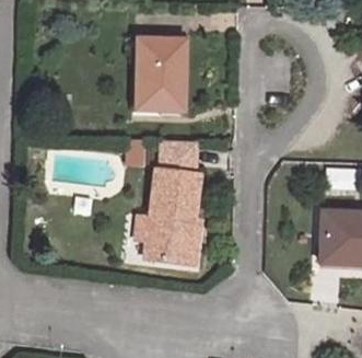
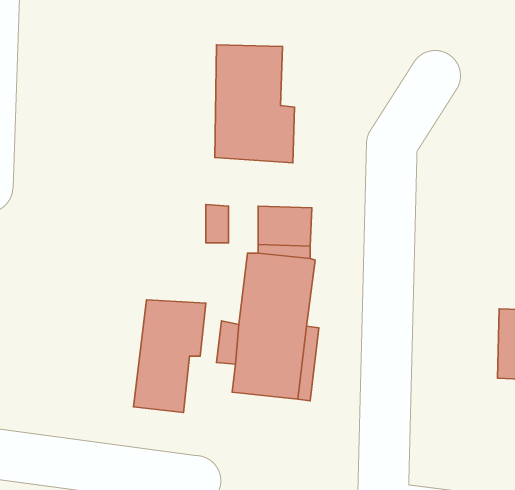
building: none -> [134,300,206,412]

